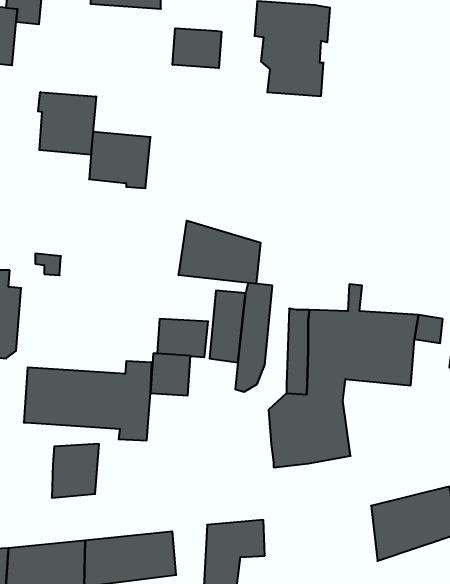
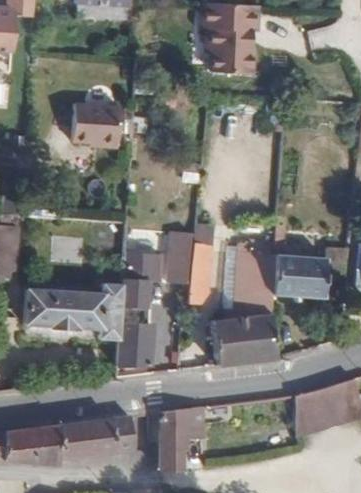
building: [173,28,221,68] -> none
building: [38,92,96,155] -> none
building: [179,221,261,284] -> none
building: [52,444,99,498] -> [116,330,153,372]

